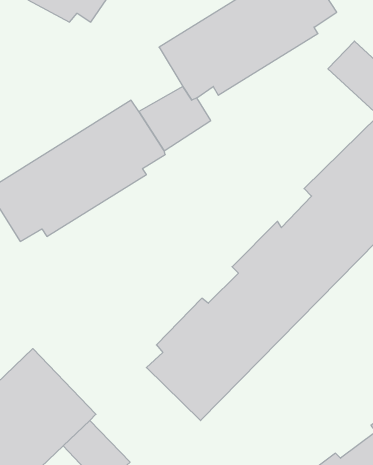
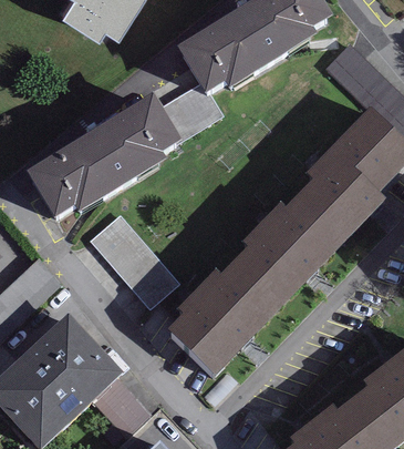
building: none -> [91,217,183,313]

